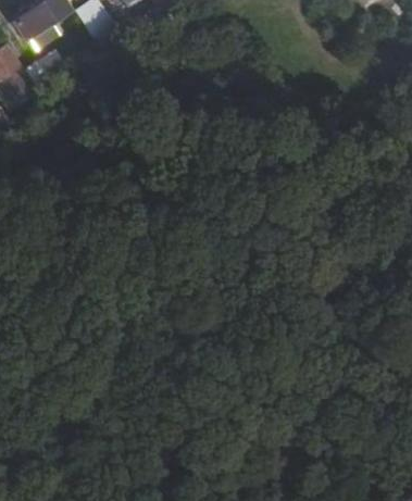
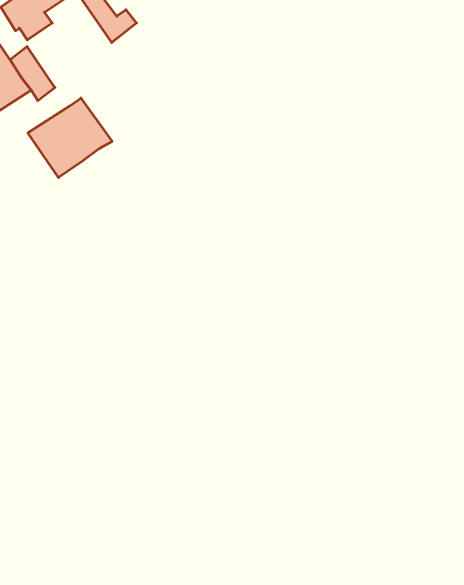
building: none -> [28,98,112,178]

